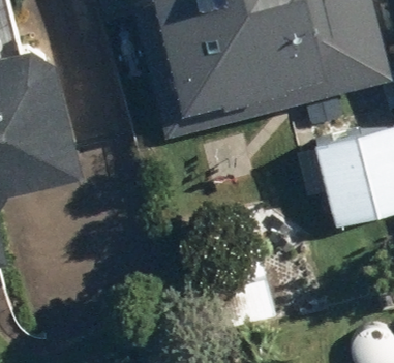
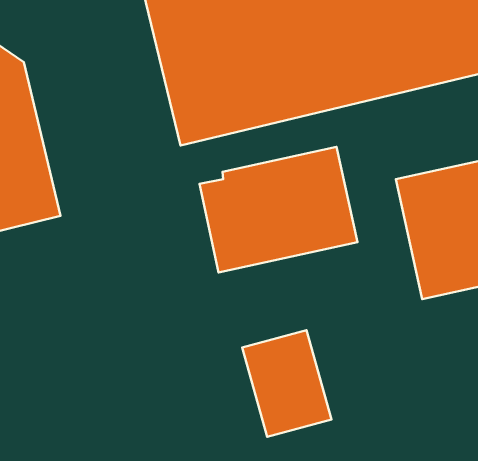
building: none -> [199,147,357,273]

